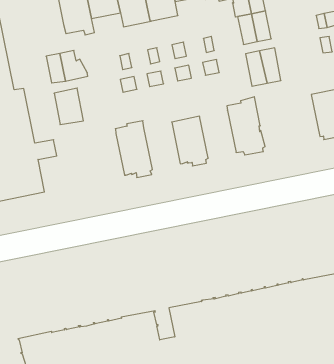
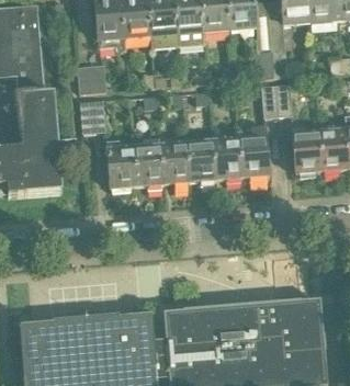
building: none -> [291,123,320,174]
building: none -> [212,132,241,180]
building: none -> [159,139,189,184]
building: none -> [105,137,136,190]

